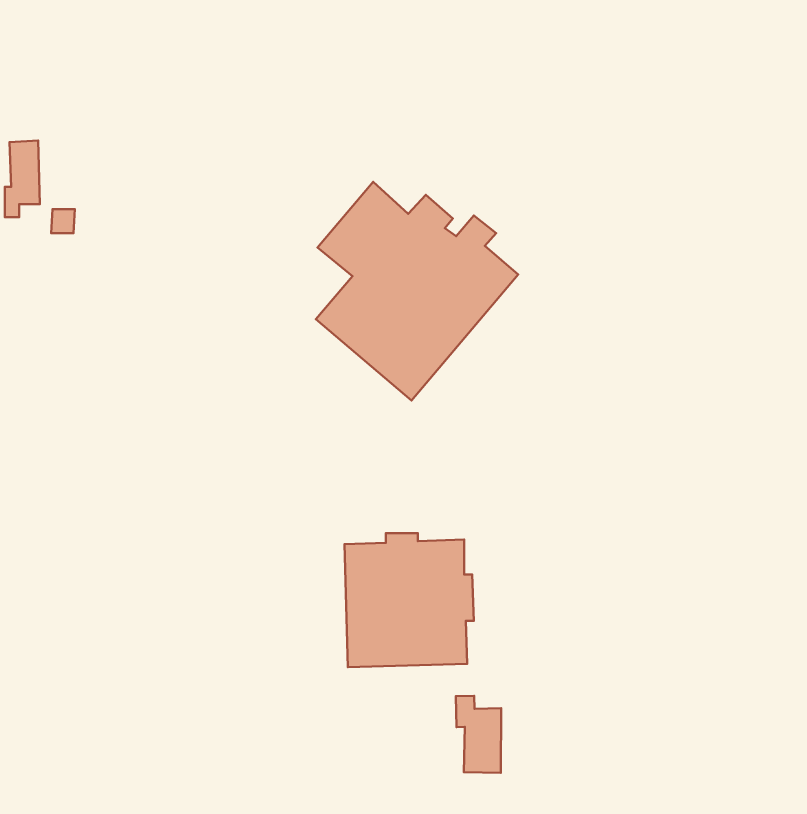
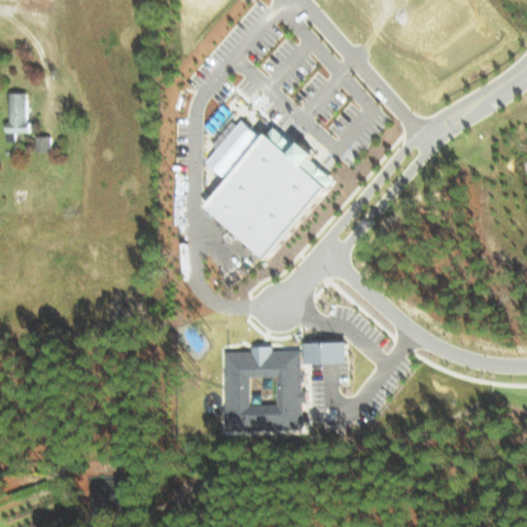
building: none -> [303,341,347,363]
building: [456,696,501,773] -> none

